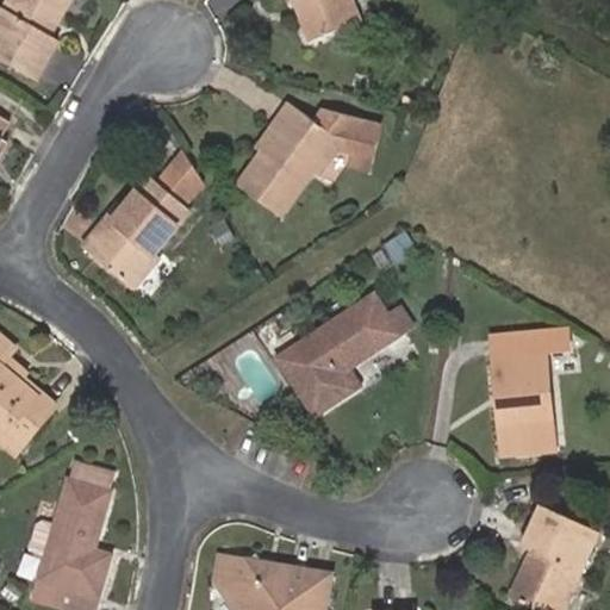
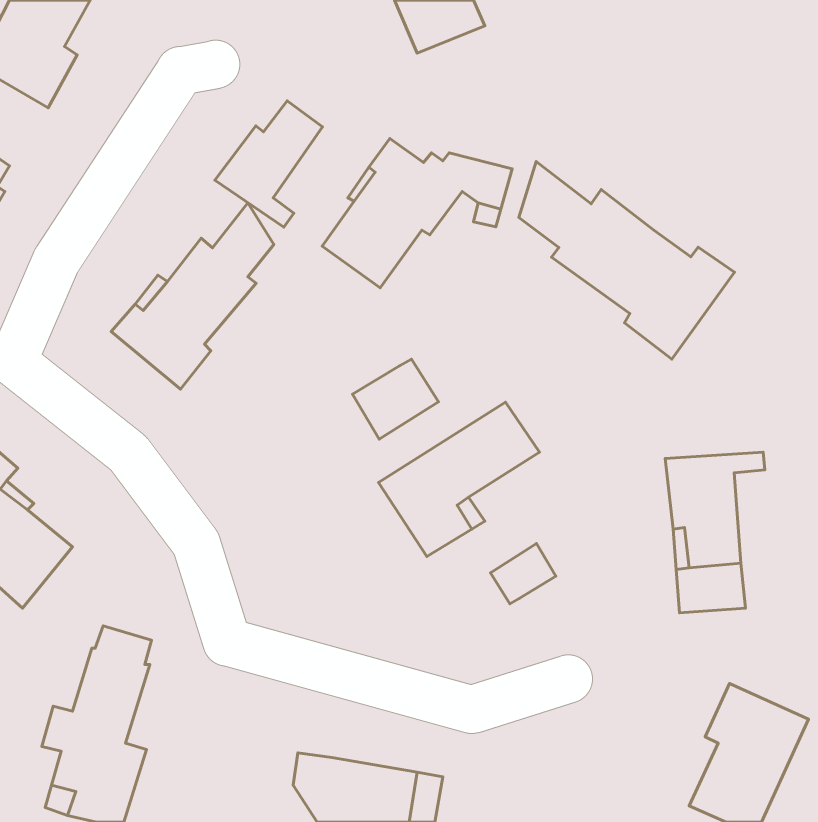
building: none -> [215,101,323,227]
building: none -> [519,162,735,359]
building: none -> [352,359,438,439]
building: none -> [490,543,556,604]

